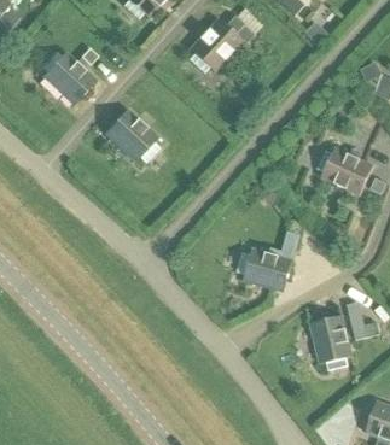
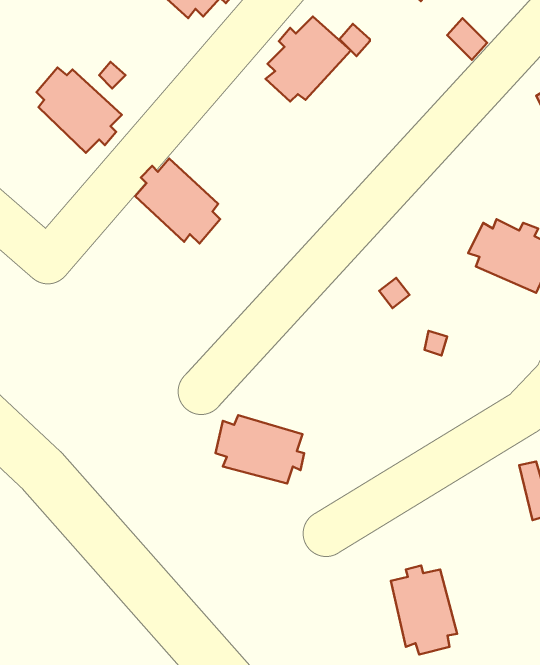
building: [238,246,295,289] -> [215,415,304,483]
building: [310,311,353,368] -> [391,566,457,655]

